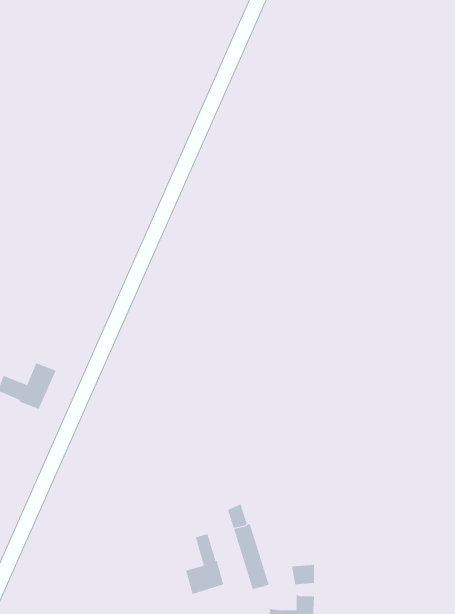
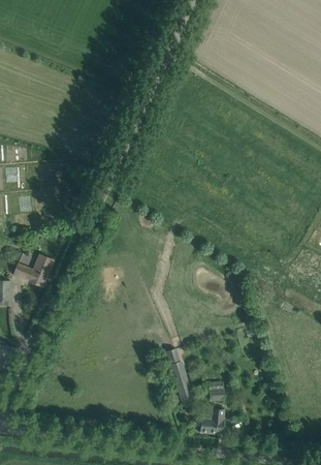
building: [185,534,224,595] -> none

